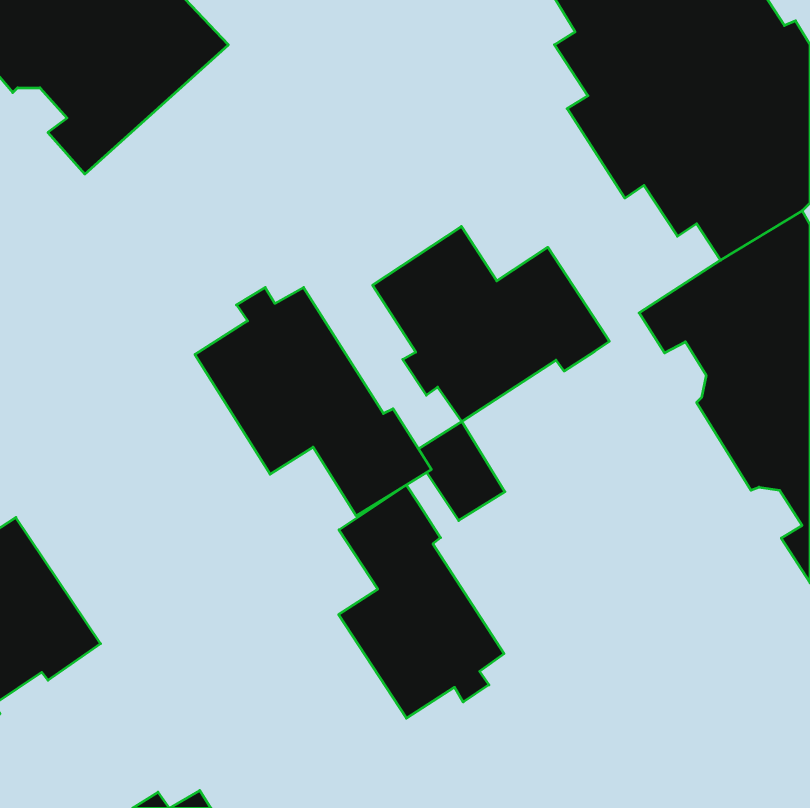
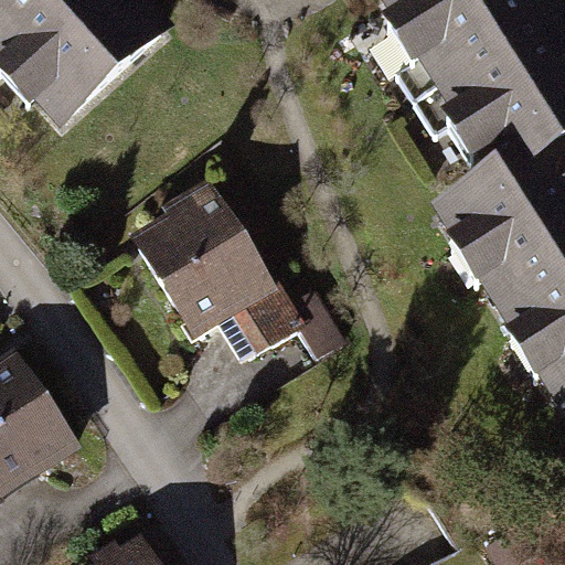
building: [373,226,609,422] -> none
building: [339,485,504,718] -> none

